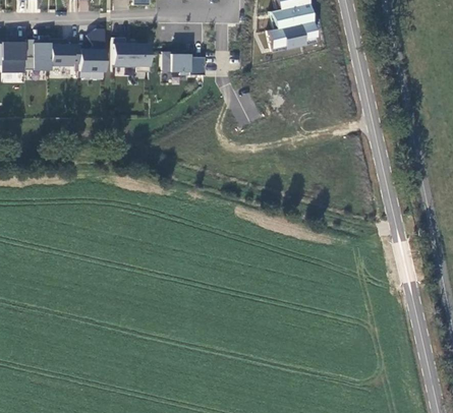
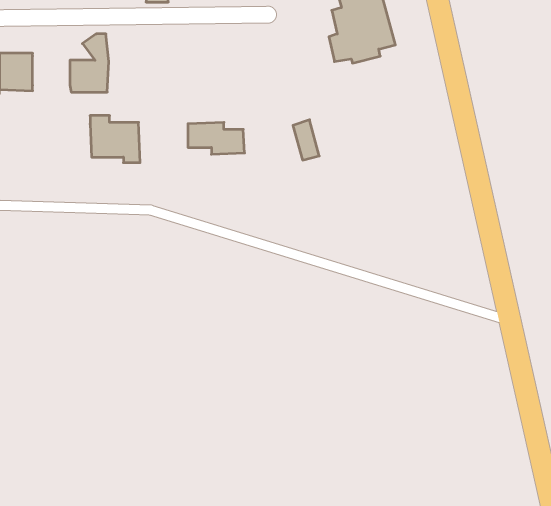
building: [112,37,149,71] -> [90,116,140,163]
building: [50,44,77,65] -> none
building: [163,52,205,75] -> [188,122,245,154]

